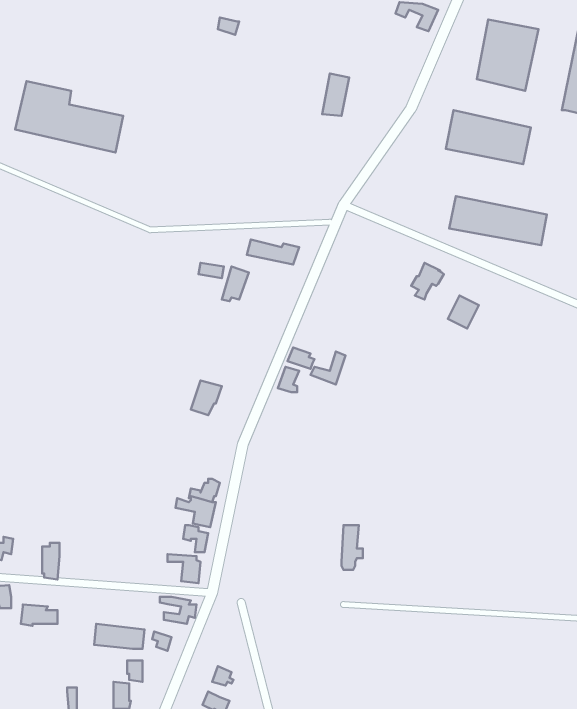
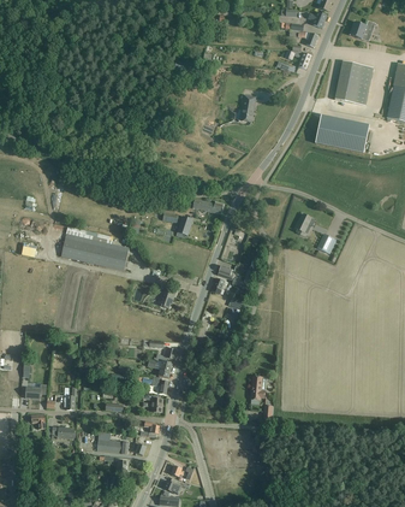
building: [15,81,123,153] -> [60,226,127,271]
building: [449,196,547,245] -> none

